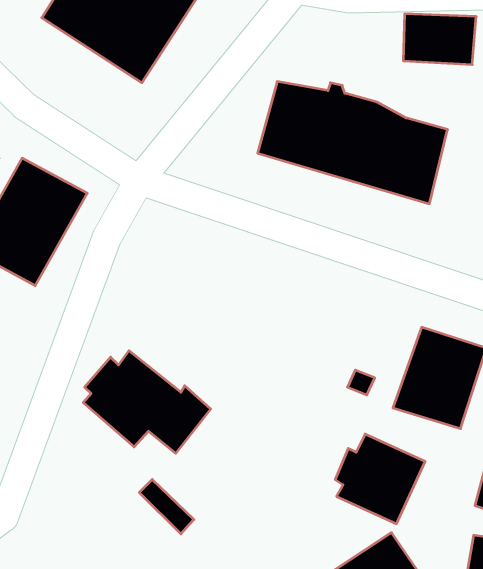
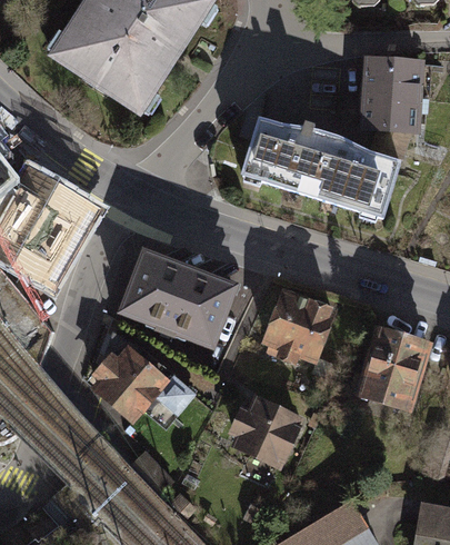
building: none -> [359,96,420,133]
building: none -> [123,252,237,349]
building: none -> [260,286,337,365]
building: [335,434,425,524] -> [229,394,306,470]

